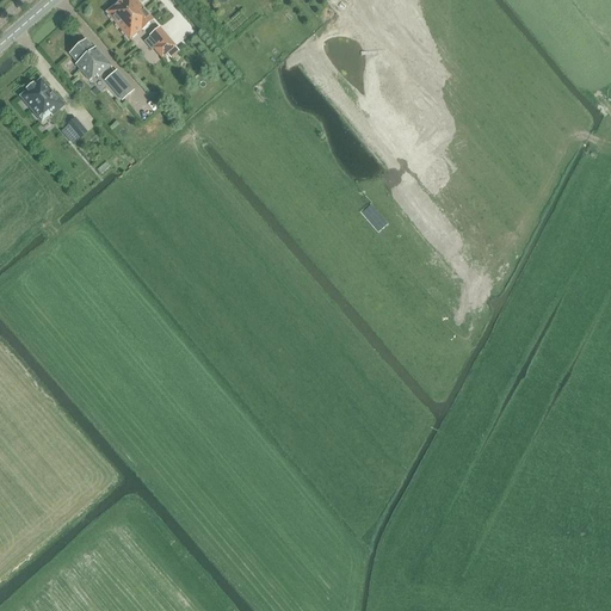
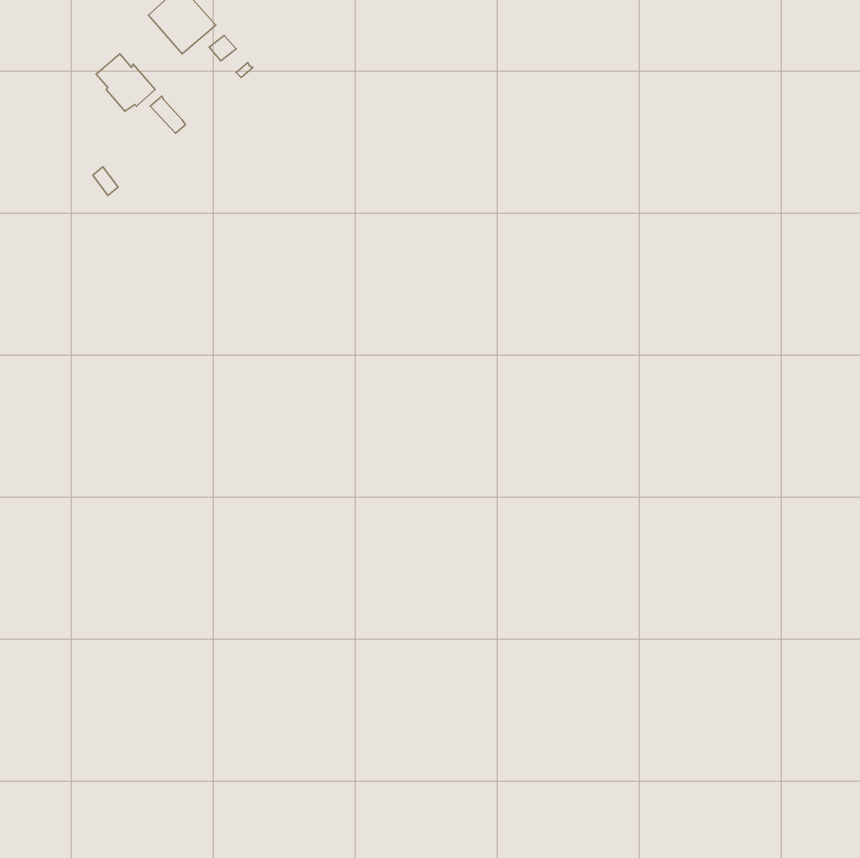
building: [18,76,63,121] -> none

